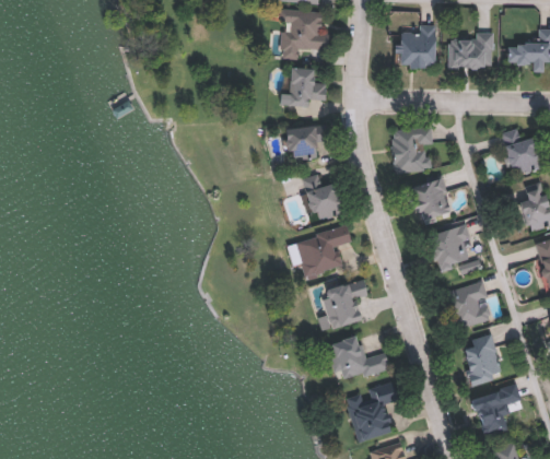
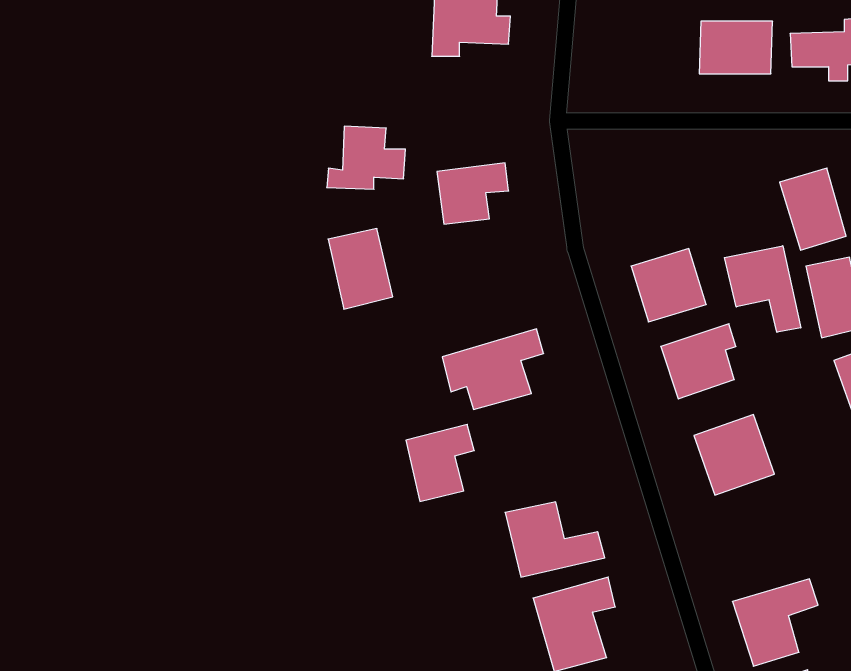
building: [400,26,435,68] -> none
building: [278,68,327,107] -> [327,126,405,189]
building: [390,127,432,174] -> none
building: [301,173,341,223] -> [328,229,393,309]
building: none -> [724,246,801,332]
building: [326,280,368,328] -> [406,424,474,501]
building: [456,333,504,387] -> none

